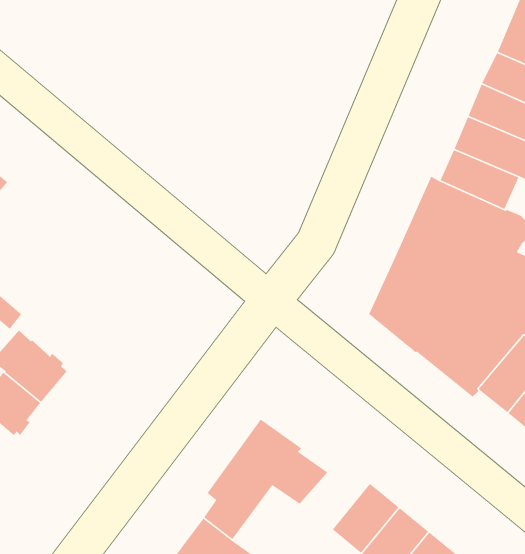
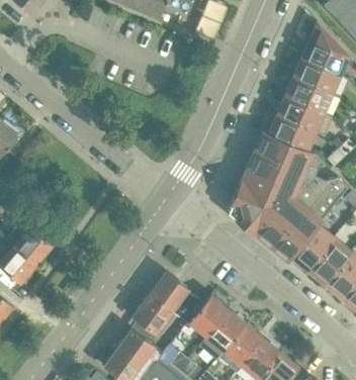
building: none -> [188,295,229,338]

